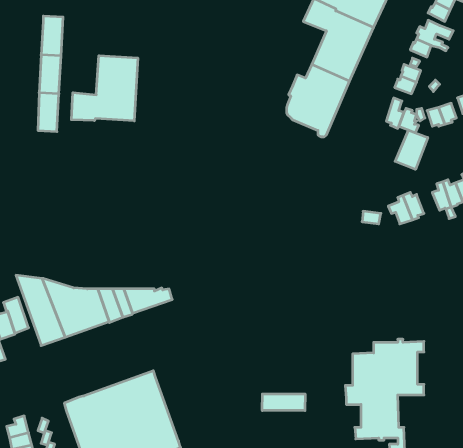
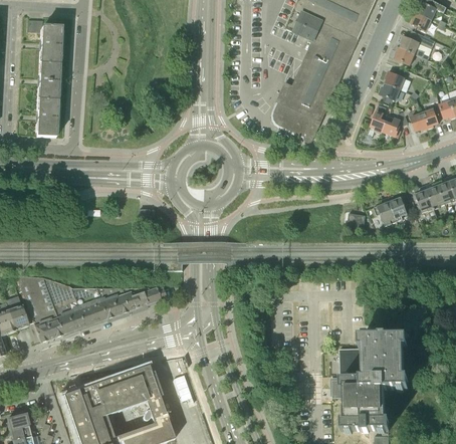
building: [71,56,138,121] -> none
building: [395,130,428,169] -> none
building: [262,394,305,411] -> none

